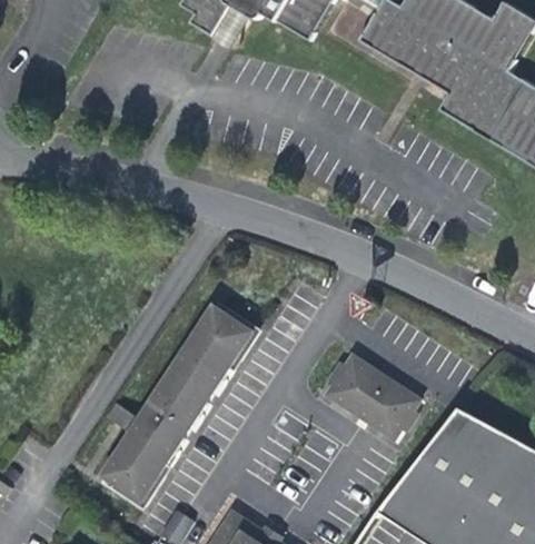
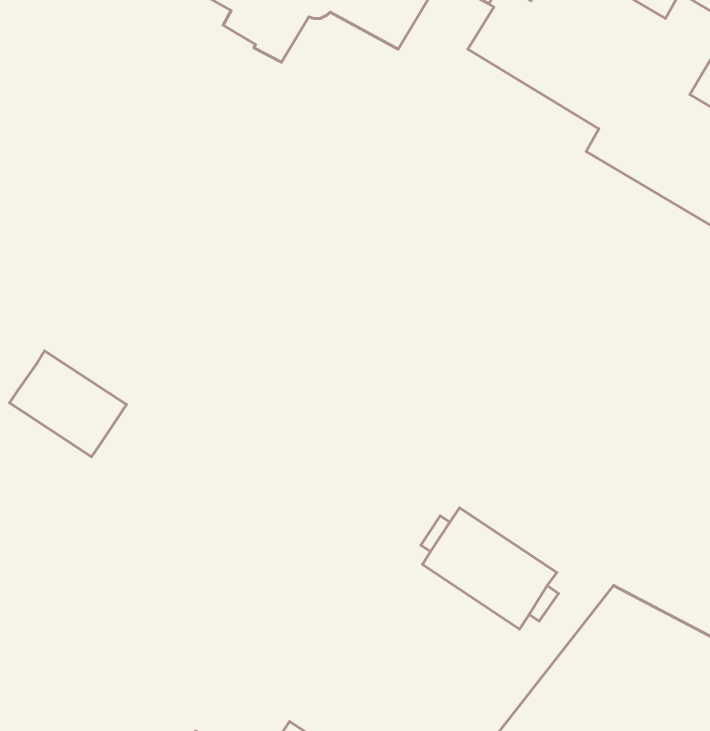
building: none -> [10,351,126,457]
building: [101,305,252,501] -> none

